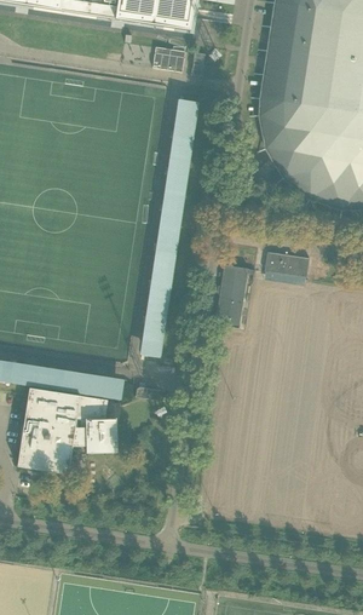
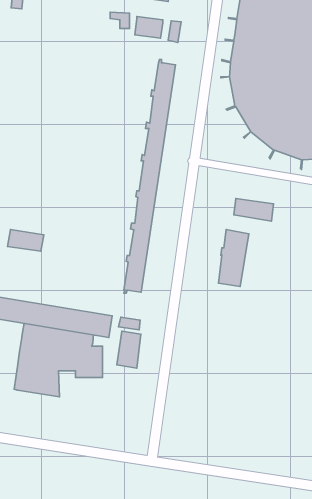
building: [214,260,248,324] -> [219,229,249,287]
building: none -> [7,229,44,251]
building: none -> [117,331,141,368]

